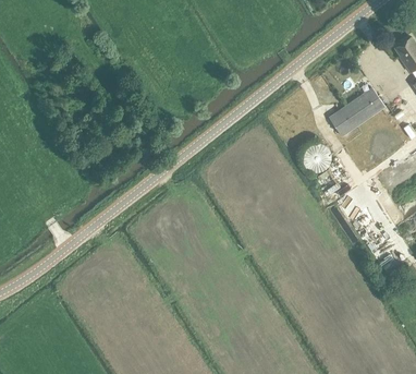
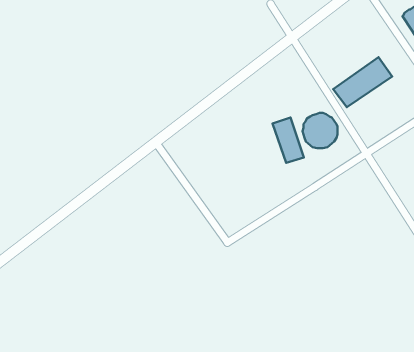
building: none -> [272,117,304,163]

